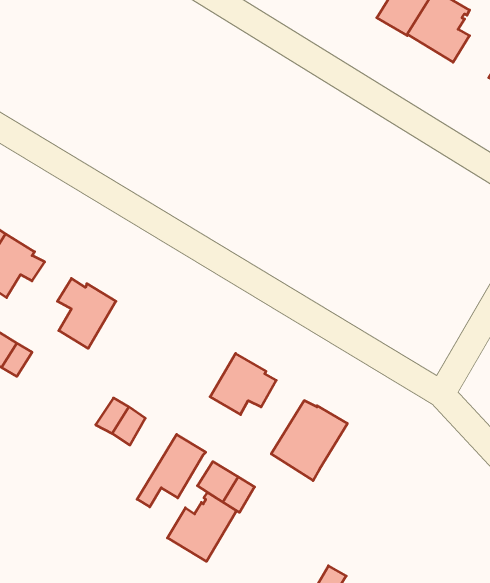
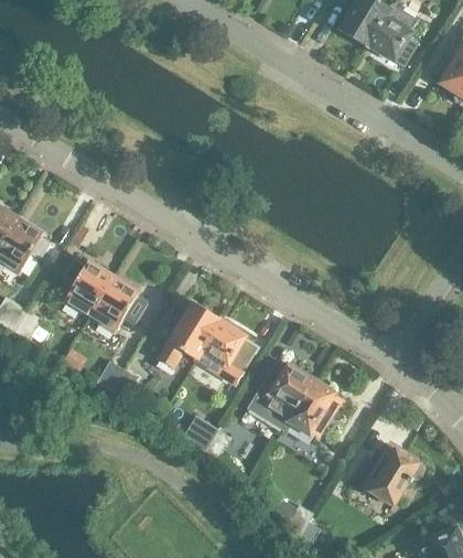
building: none -> [89,276,147,332]
building: none -> [290,382,344,438]
building: [137,434,206,507] -> [160,303,219,366]
building: [167,493,236,561] -> none
building: none -> [366,444,423,503]

